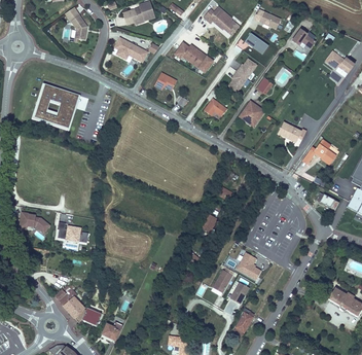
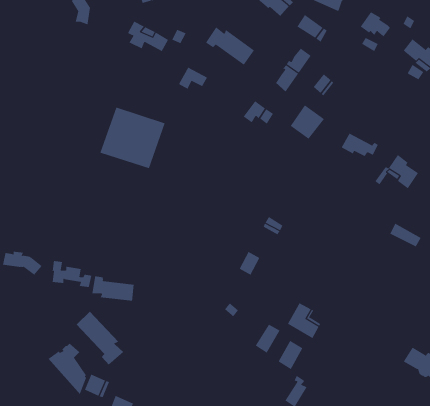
building: [32,82,82,130] -> [100,107,166,169]
building: none -> [92,276,134,301]
building: none -> [76,311,124,366]

